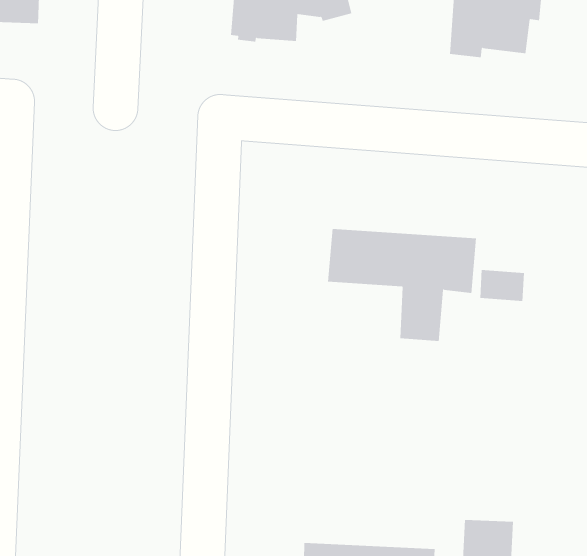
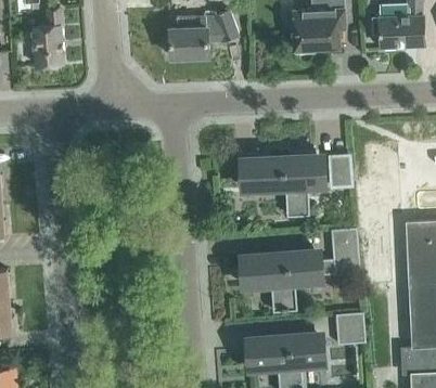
building: none -> [240,227,360,311]

